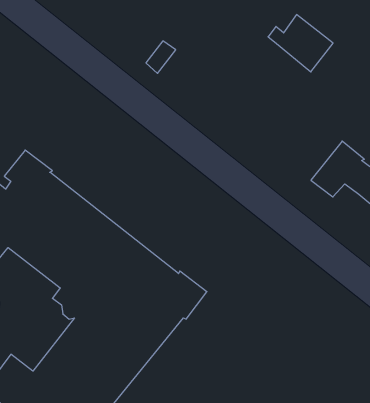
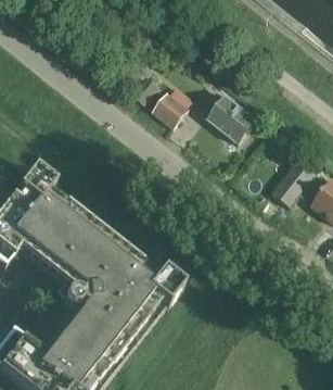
building: [268,15,333,72] -> [202,95,256,142]
building: none -> [153,91,188,126]

